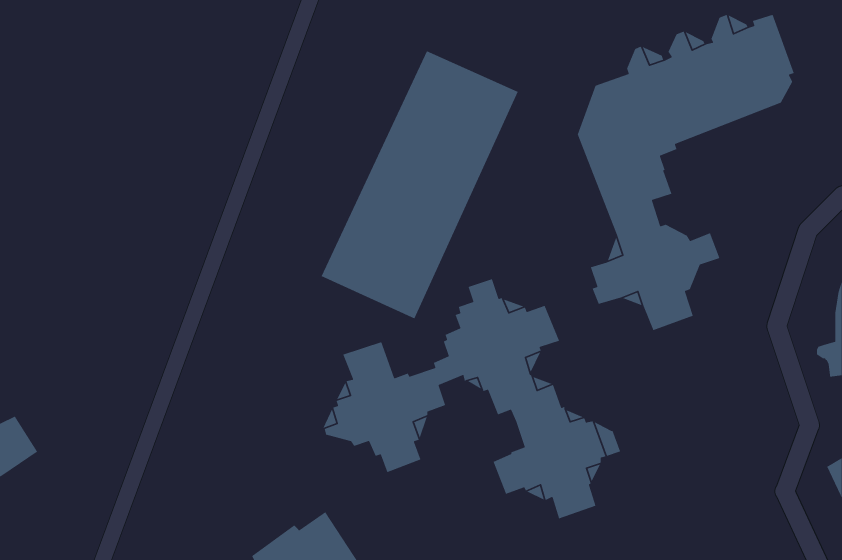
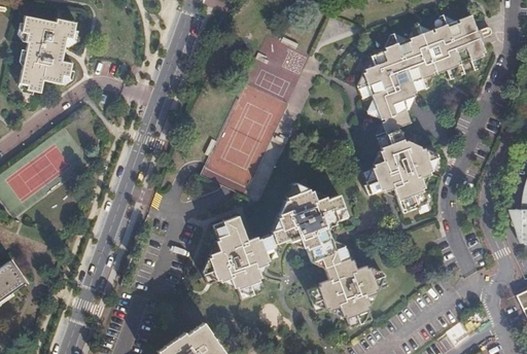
building: none -> [20,12,75,92]

